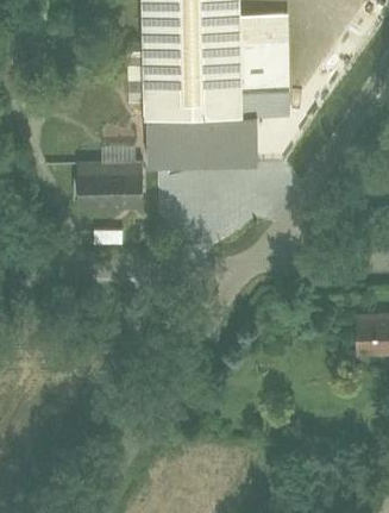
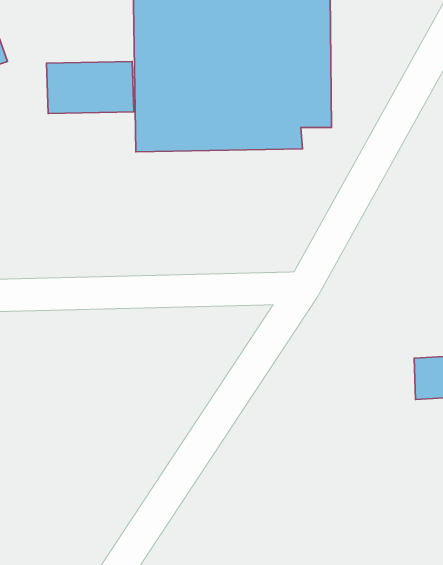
building: [79,167,146,207] -> [47,62,134,114]

